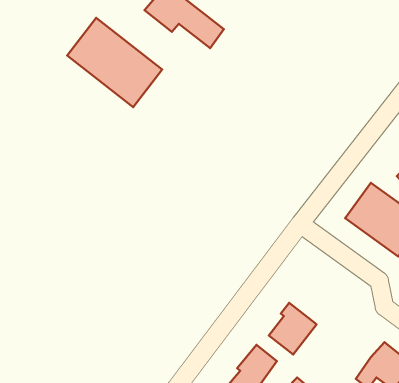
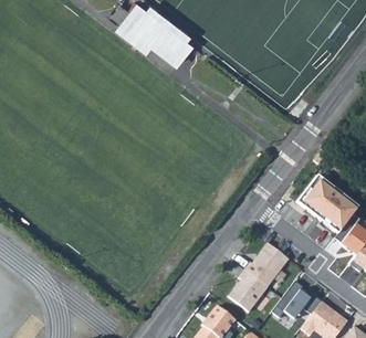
building: [67,18,162,107] -> none
building: none -> [245,244,287,286]
building: none -> [269,279,323,320]

